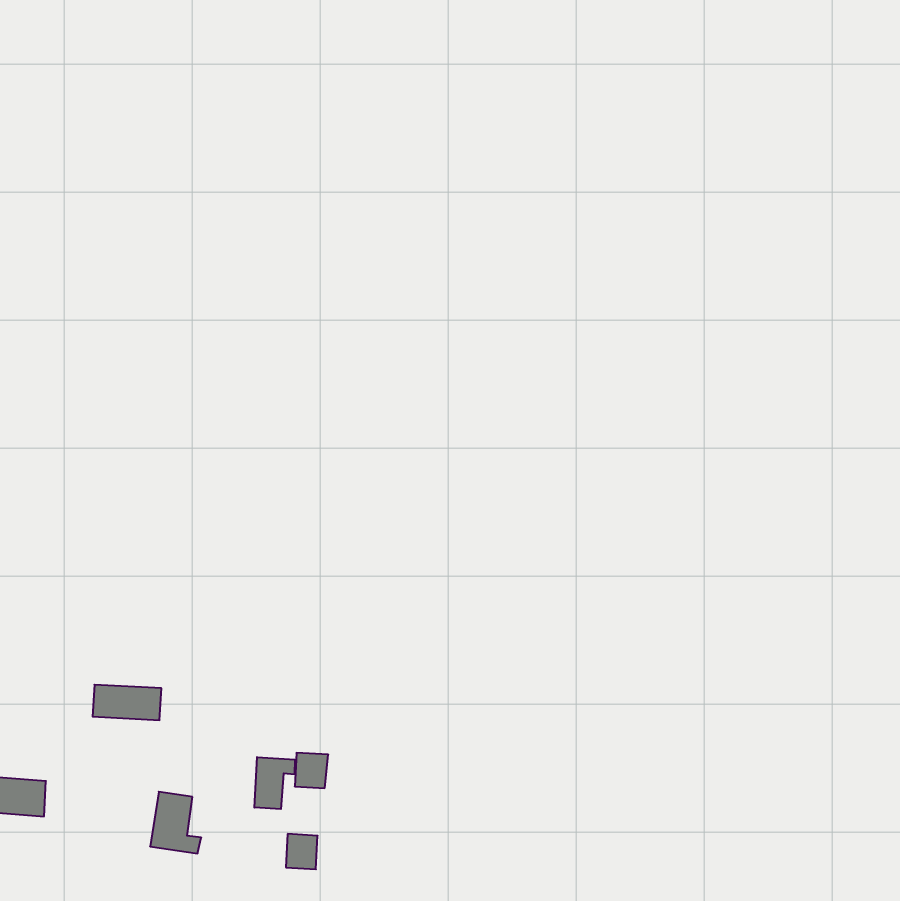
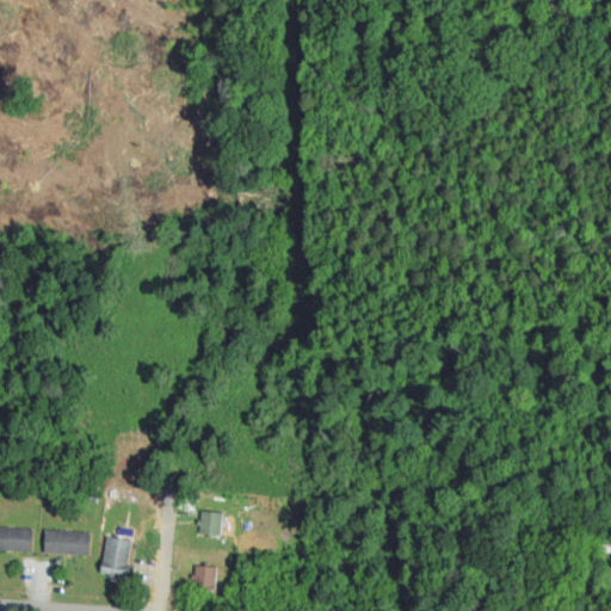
building: [93,685,161,720] -> [43,531,90,555]
building: [254,757,295,809] -> none

